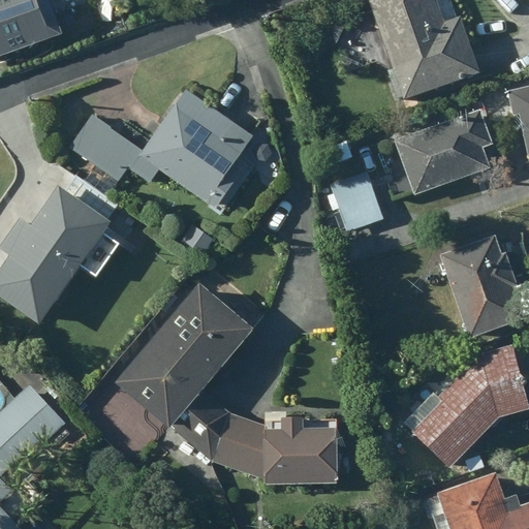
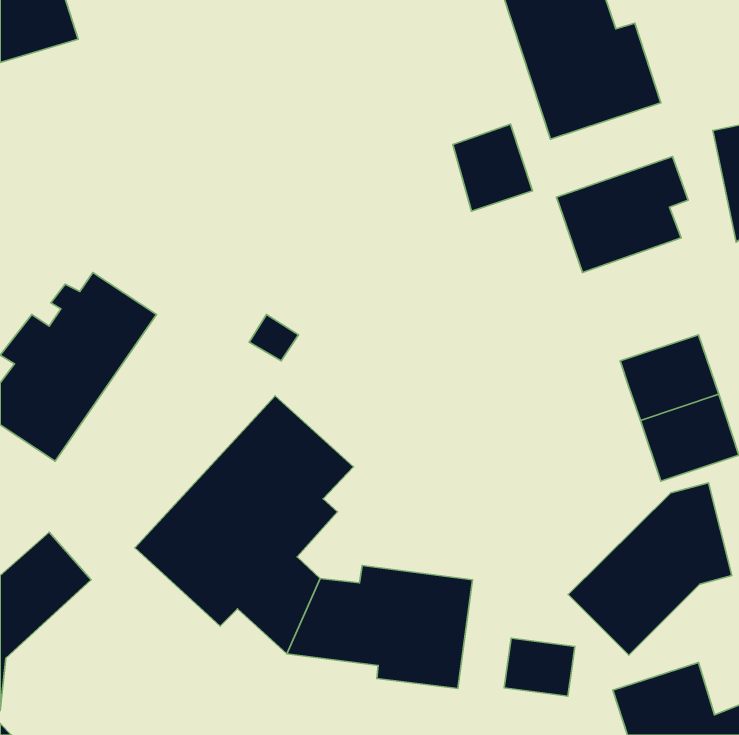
building: [67,85,247,206] -> none
building: [328,174,384,236] -> [453,124,532,211]
building: none -> [504,638,575,696]

